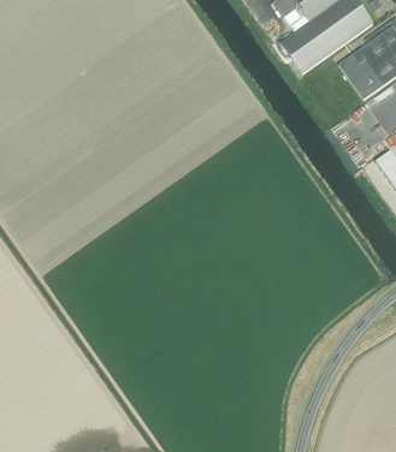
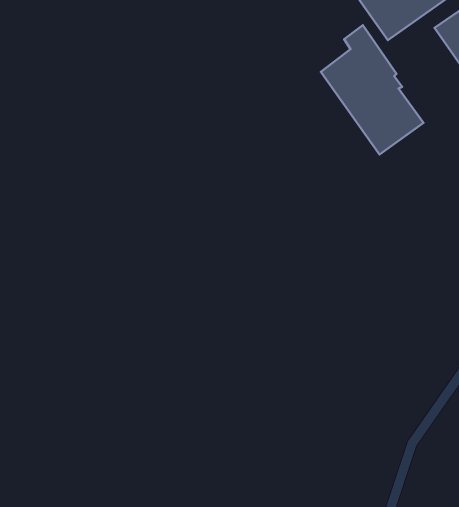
building: none -> [321,25,423,154]

